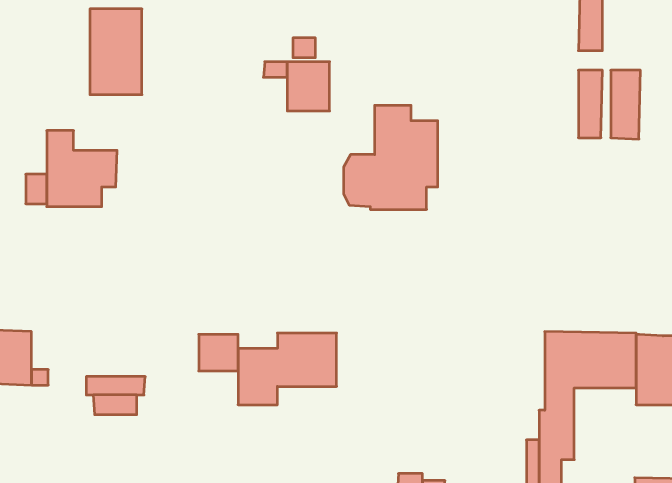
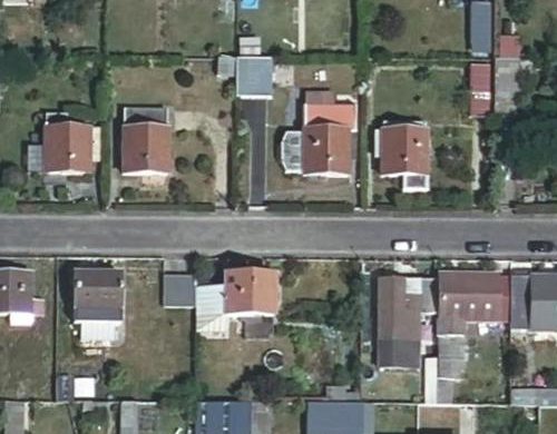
building: [90,9,142,95] -> [124,103,165,171]
building: none -> [373,120,424,188]
building: none -> [77,270,124,306]
building: none -> [381,275,437,364]

